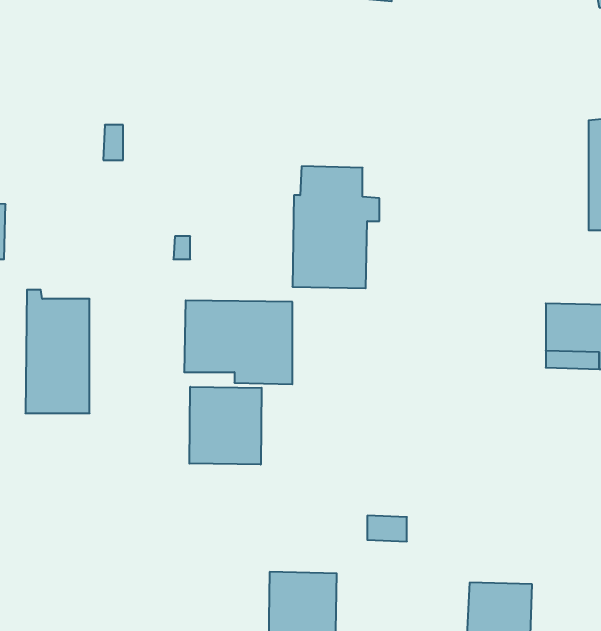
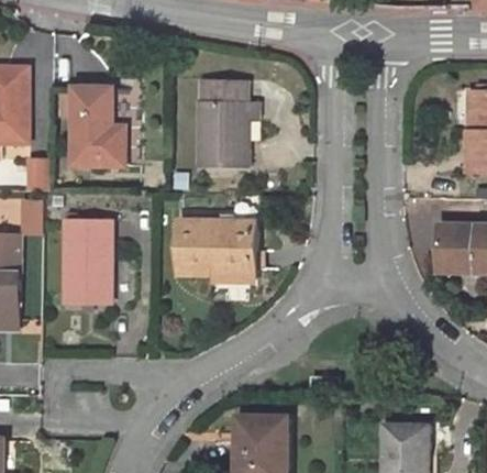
building: none -> [71,86,124,166]
building: [292,166,379,288] -> [196,79,258,167]
building: [189,387,262,465] -> none

